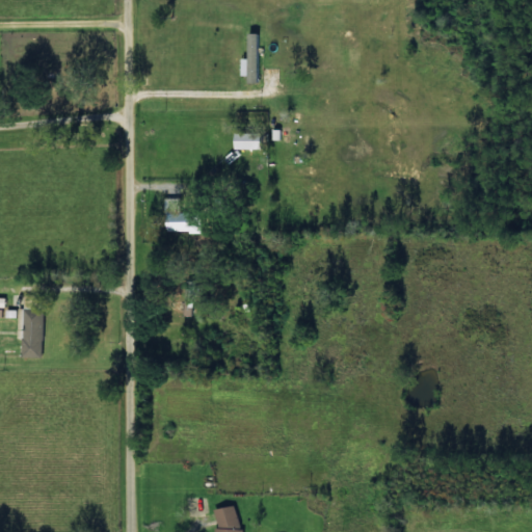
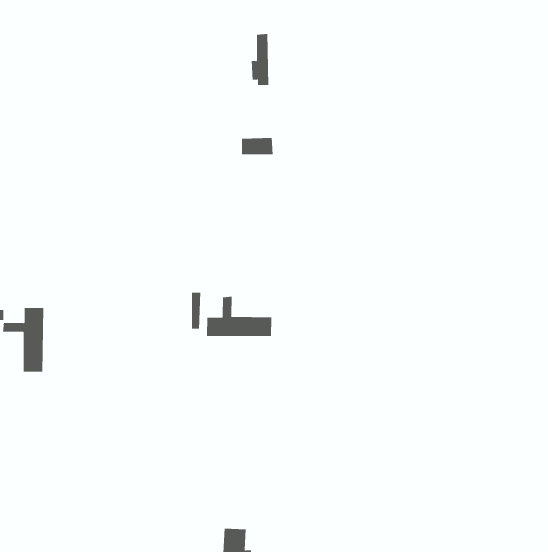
building: [164,198,196,233] -> none
building: none -> [207,296,272,337]

